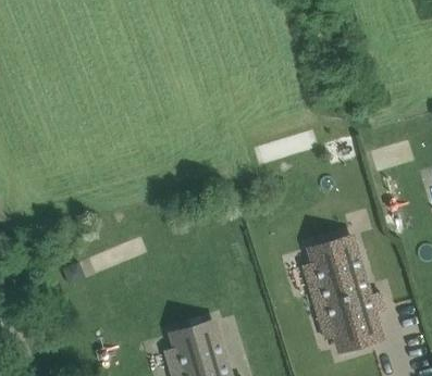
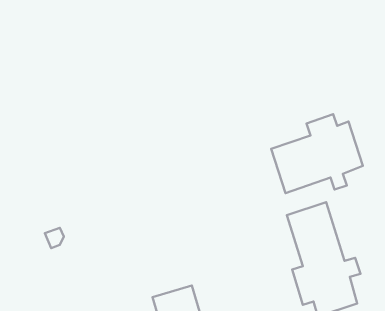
building: none -> [271,114,363,193]

